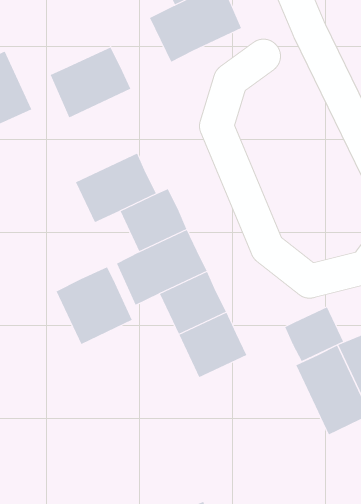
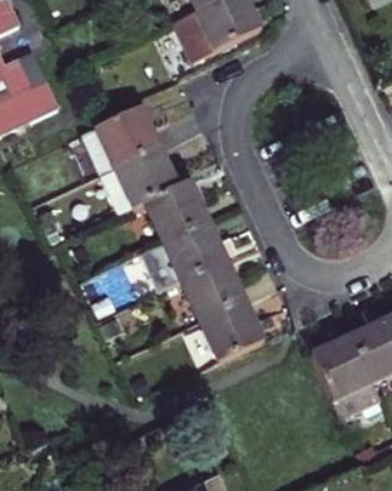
building: [50,47,131,118] -> [83,107,160,175]
building: [56,267,132,345] -> none
building: [285,307,344,362] -> none

